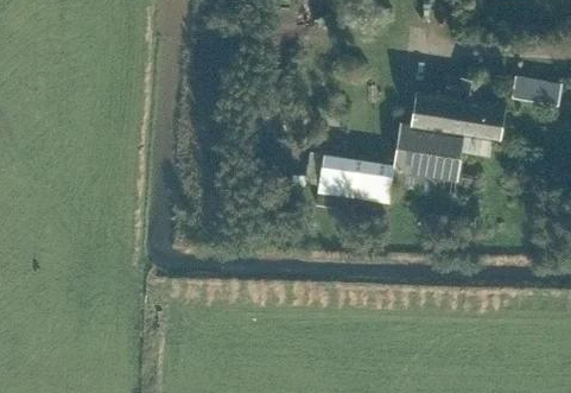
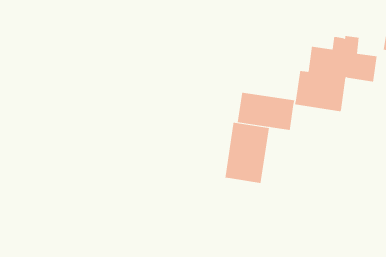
building: none -> [225,122,269,184]

